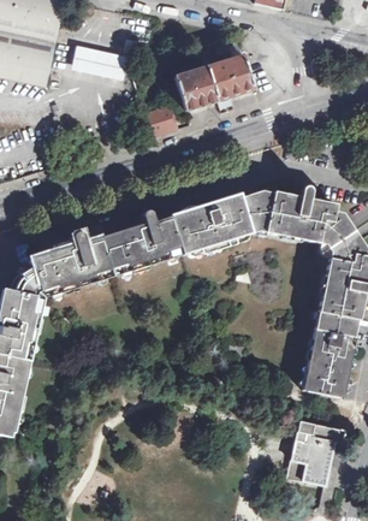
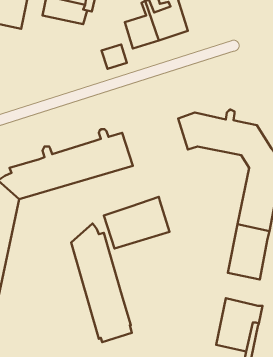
building: [171,191,253,255] -> [104,197,170,248]
building: none -> [71,223,132,342]

